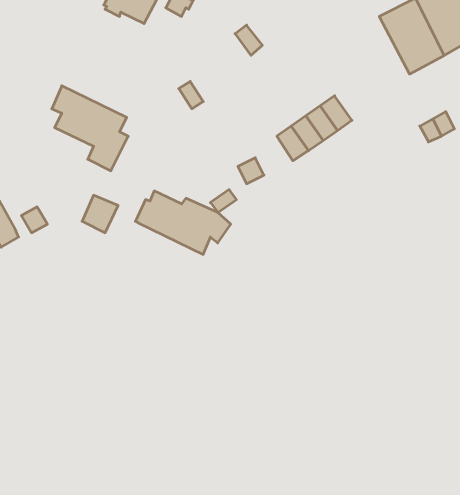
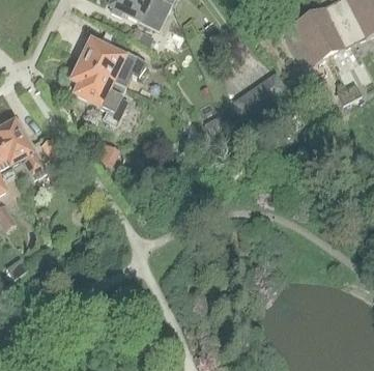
building: none -> [281,13,328,68]
building: [135,191,231,254] -> [77,40,145,86]

